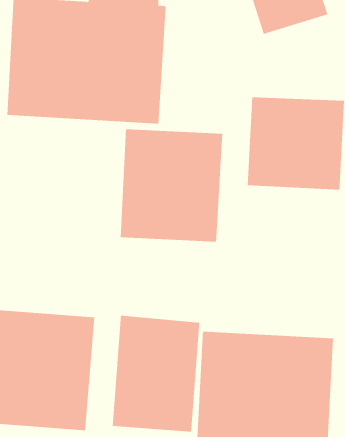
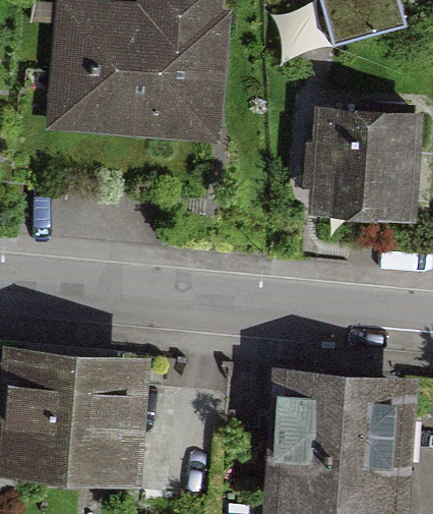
building: [120,129,223,242] -> none
building: [112,315,200,433] -> none

